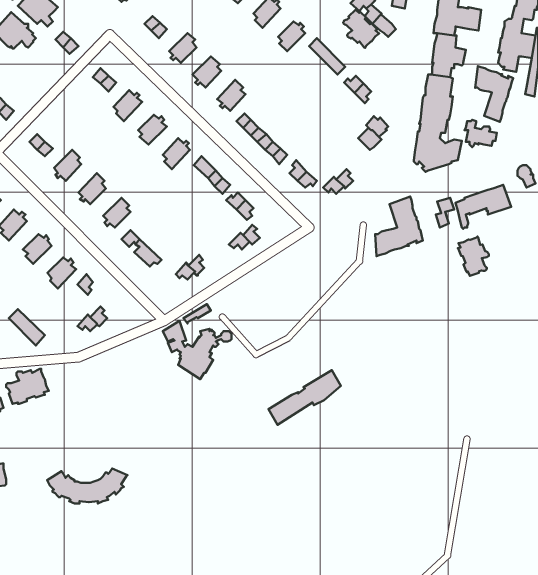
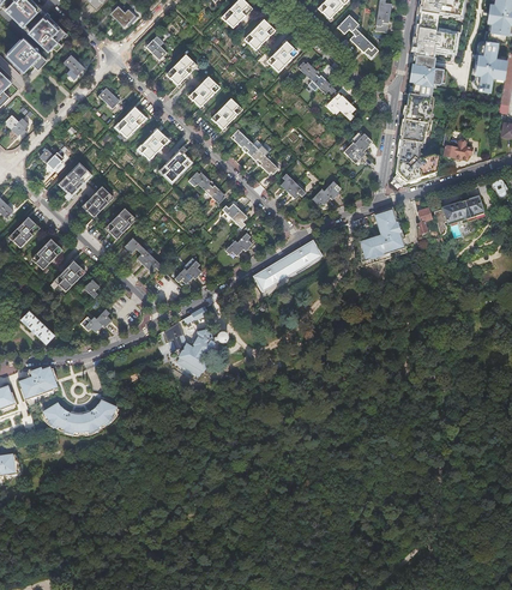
building: [343,10,379,48] -> none
building: [475,66,513,122] -> none
building: [458,236,489,276] -> none
building: [268,370,341,425] -> [254,240,321,290]
building: [47,469,128,504] -> [43,401,118,433]

